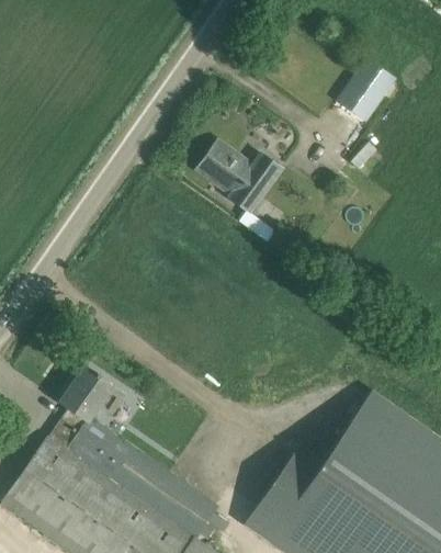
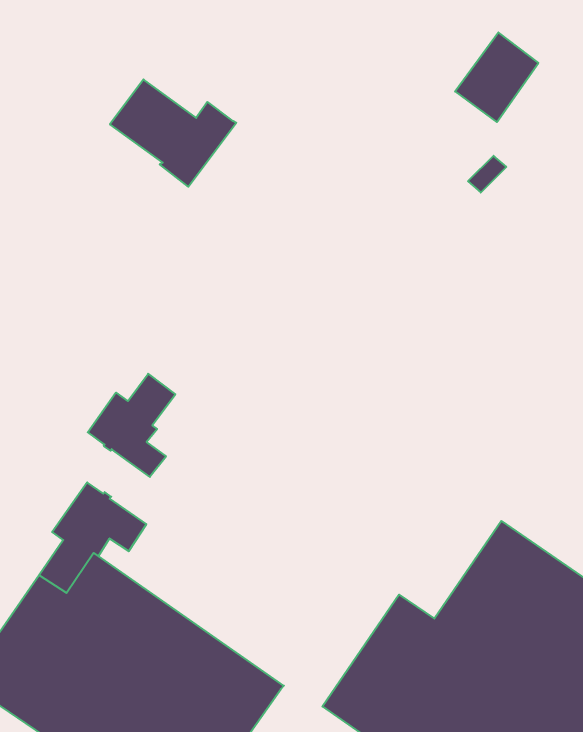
building: [195,139,282,213] -> [110,79,236,187]
building: none -> [88,374,175,477]

